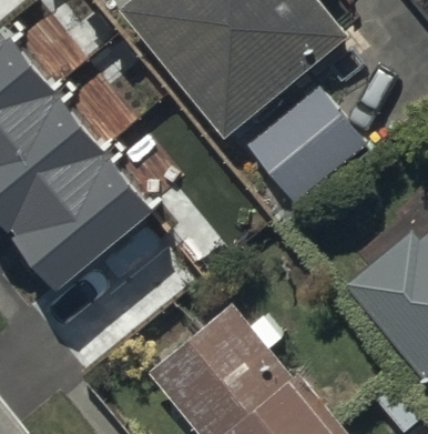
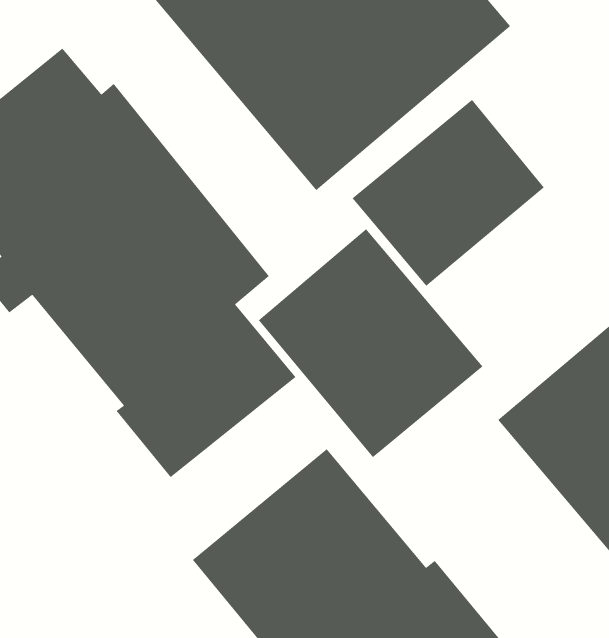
building: none -> [258,228,484,458]

